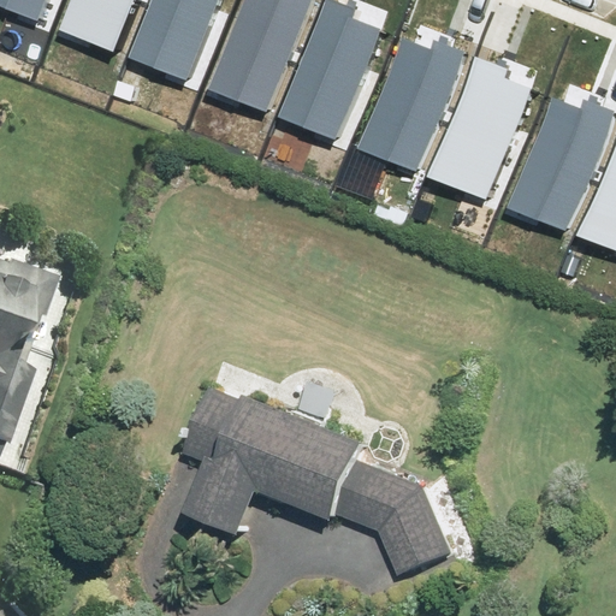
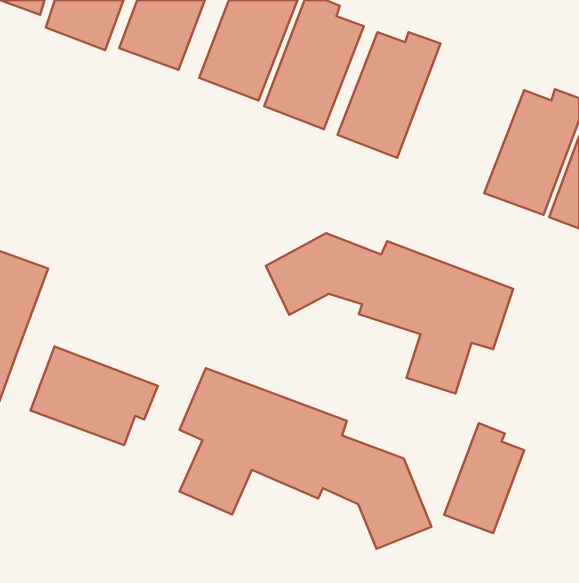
building: [431,55,534,199] -> none
building: none -> [266,233,513,394]
building: none -> [31,347,158,445]
building: none -> [444,423,524,533]

